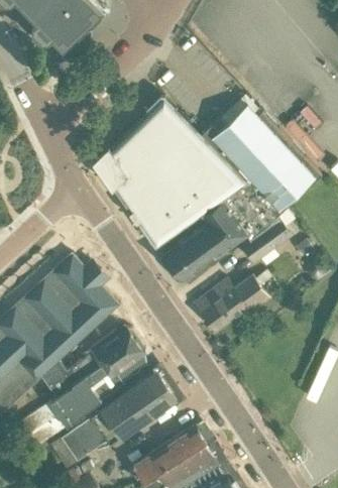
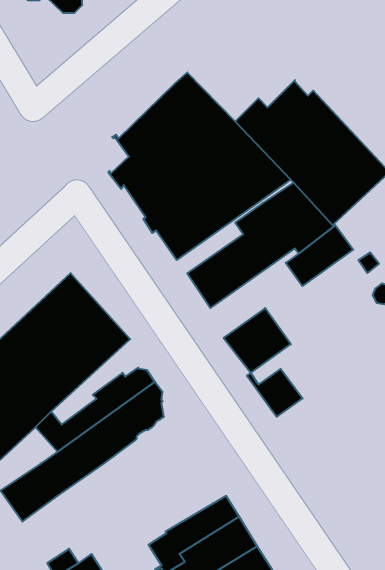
building: [225,276,268,314] -> [247,369,303,417]
building: [51,368,182,469] -> none

